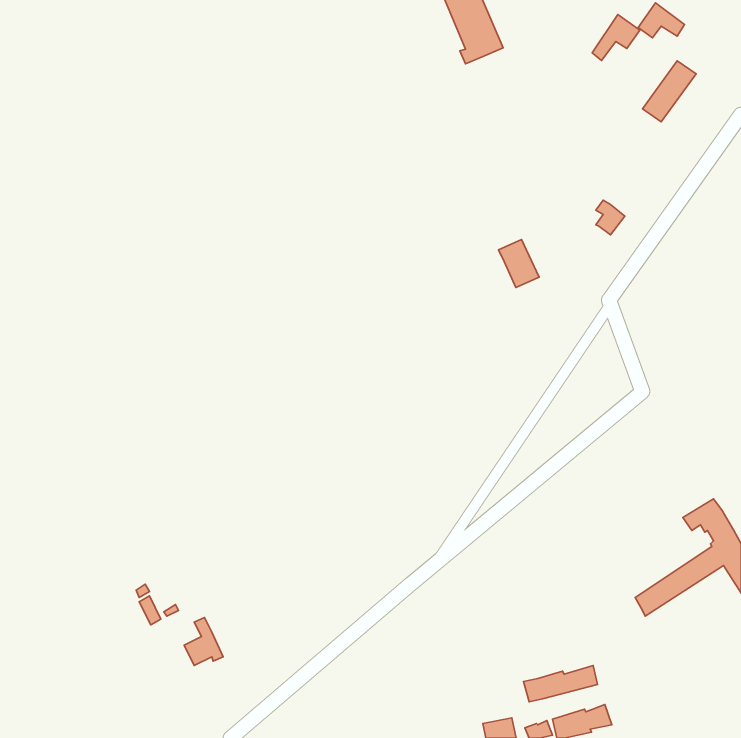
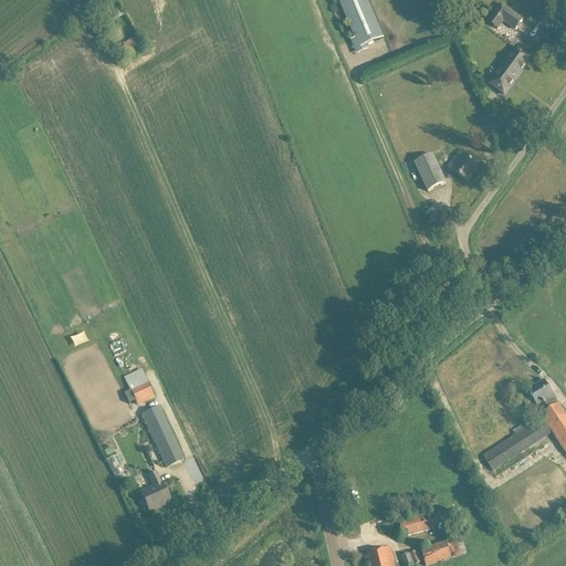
building: [592,15,640,61] -> none
building: [498,240,539,287] -> [415,154,446,190]
building: none -> [124,368,155,405]
building: none -> [142,406,184,467]

